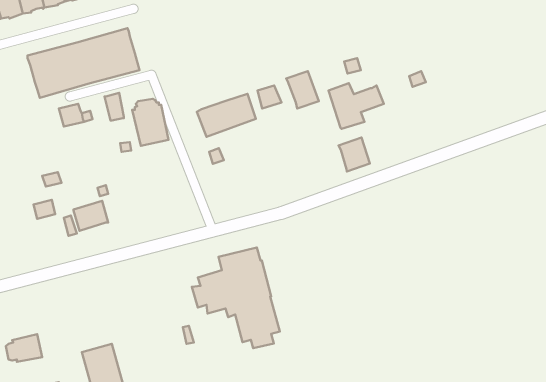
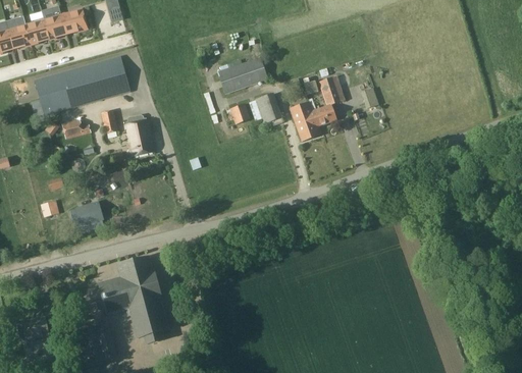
building: none -> [318,73,346,106]
building: [197,94,256,137] -> [216,57,266,94]
building: [338,137,370,171] -> none
building: [192,247,280,348] -> [93,257,167,342]

